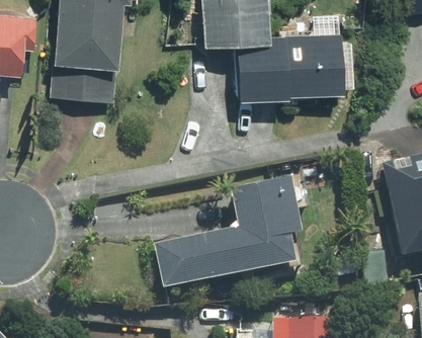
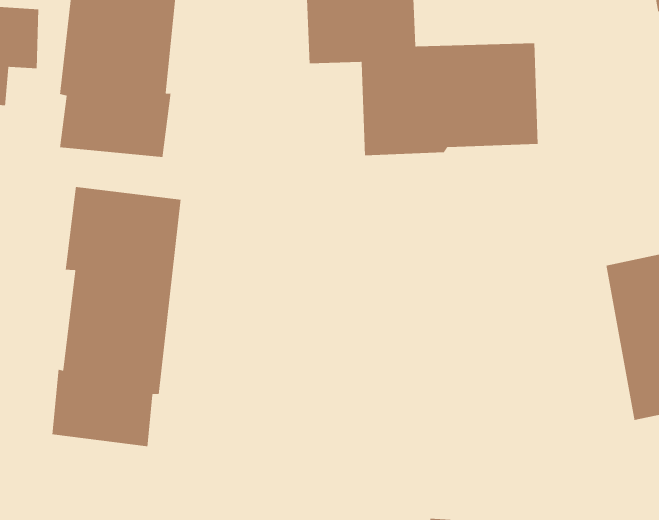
building: none -> [51,186,181,447]
building: [153,178,302,289] -> none

